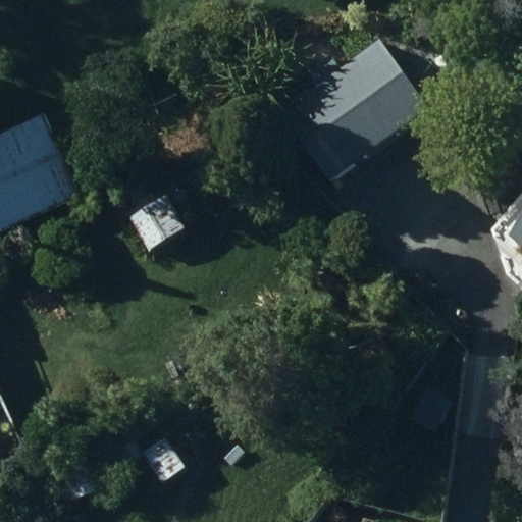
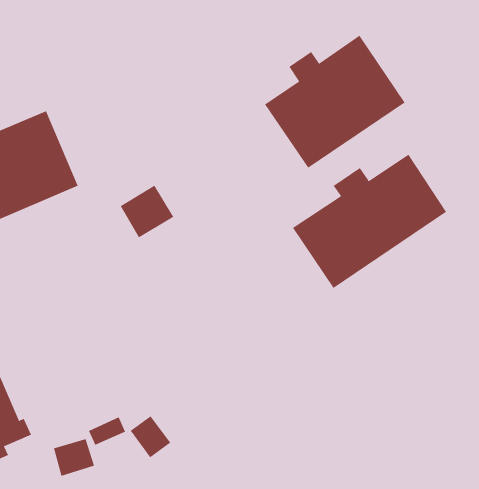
building: none -> [292,154,447,289]

